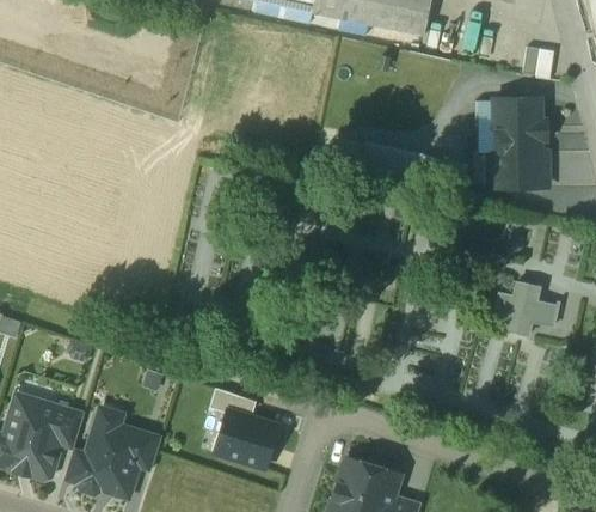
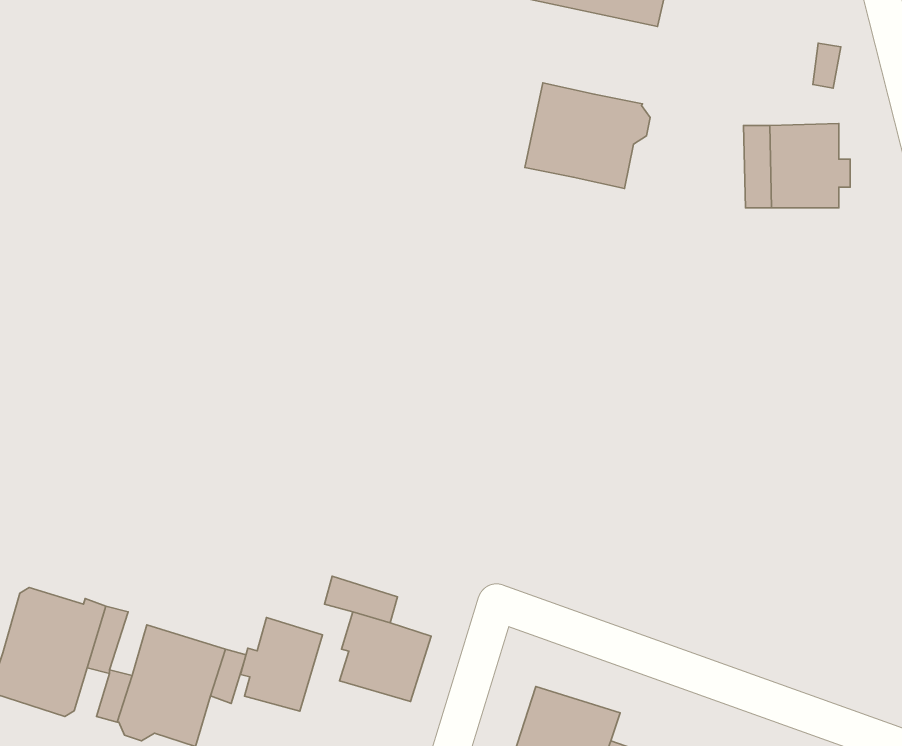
building: none -> [525,83,650,189]
building: [489,152,547,187] -> none
building: [493,281,555,336] -> none
building: none -> [241,618,323,711]

